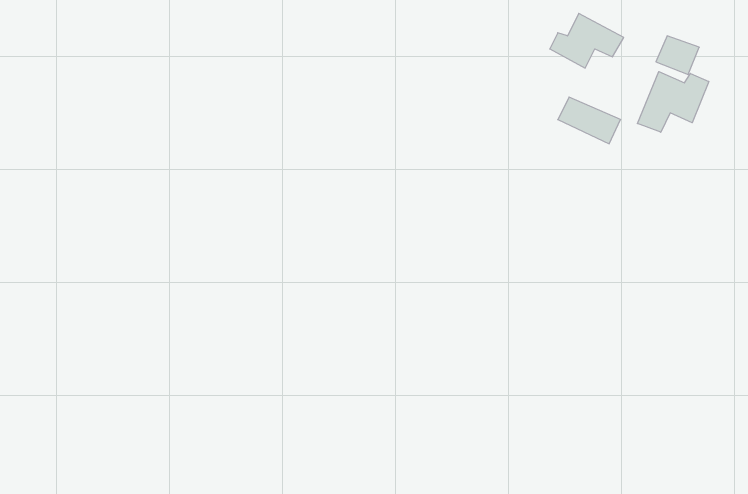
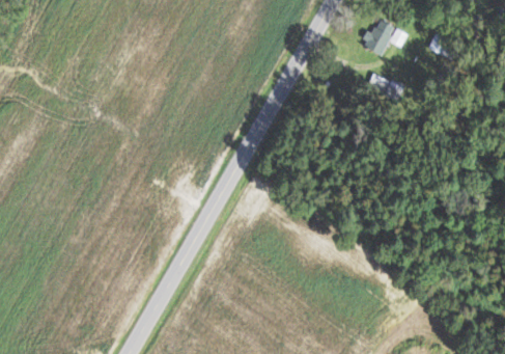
building: [637,72,709,132] -> none

